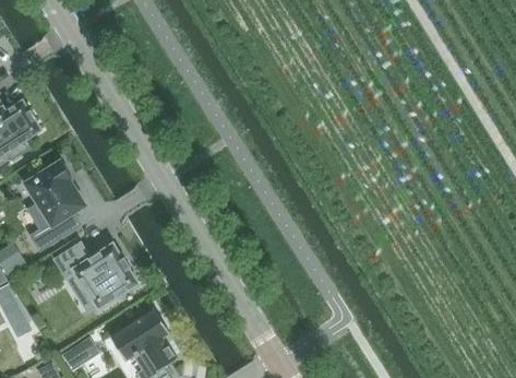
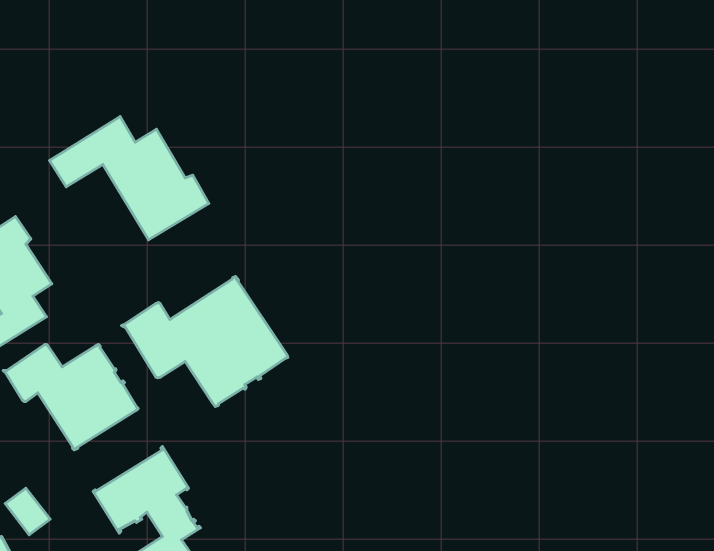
building: none -> [50,117,209,240]
building: none -> [122,276,288,406]

